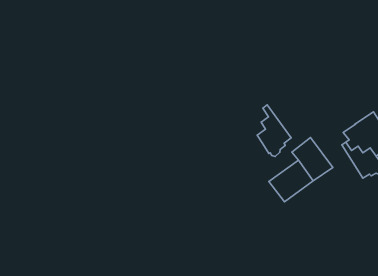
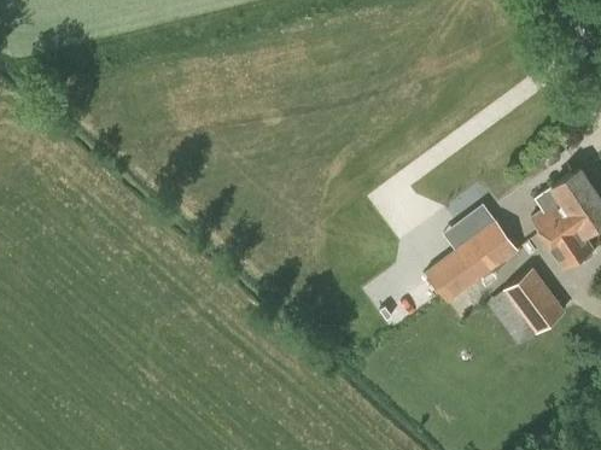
building: [257,105,291,156] -> none
building: none -> [486,270,576,346]

